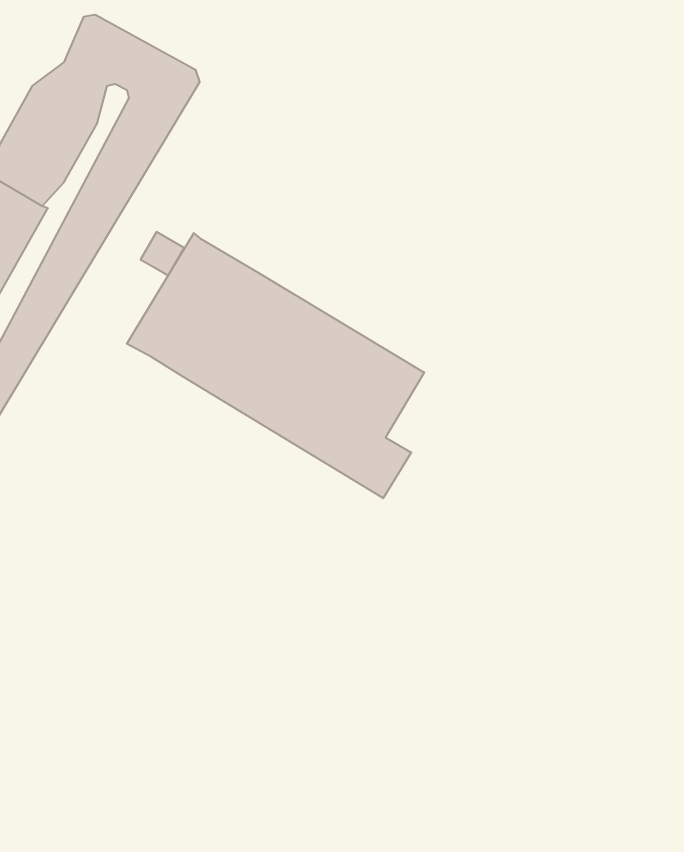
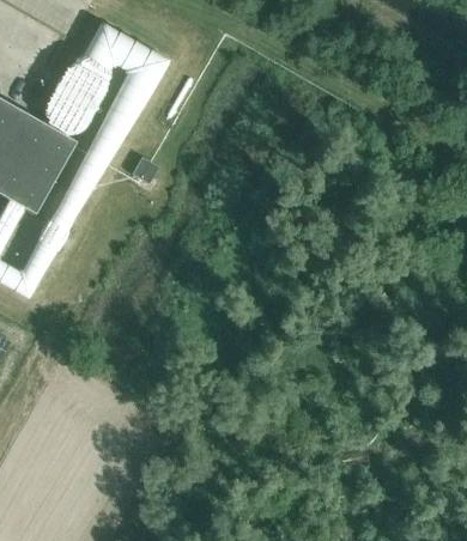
building: [127,233,424,498] -> none

